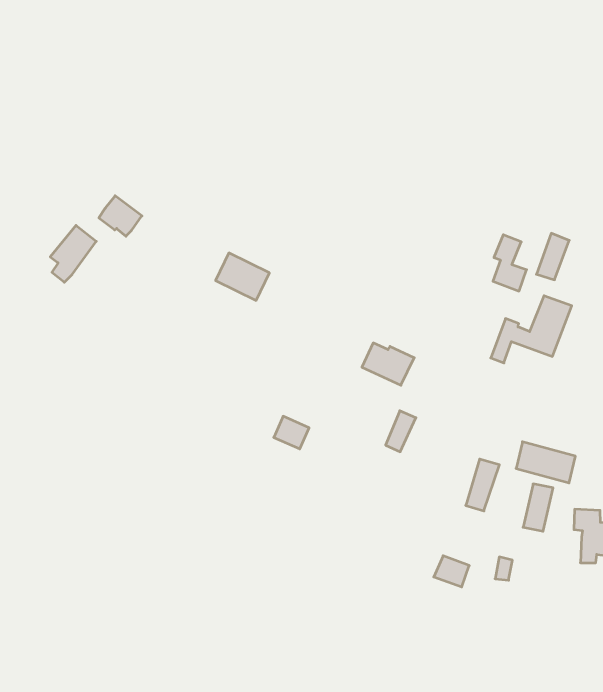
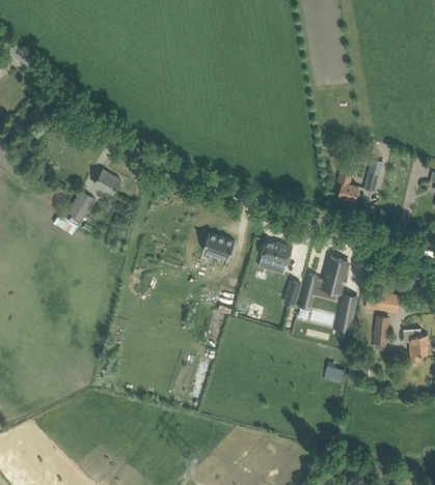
building: [216,253,269,300] -> [201,232,234,259]
building: [491,296,572,363] -> [303,257,349,301]

